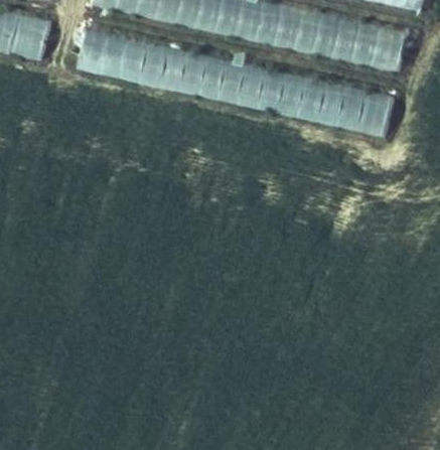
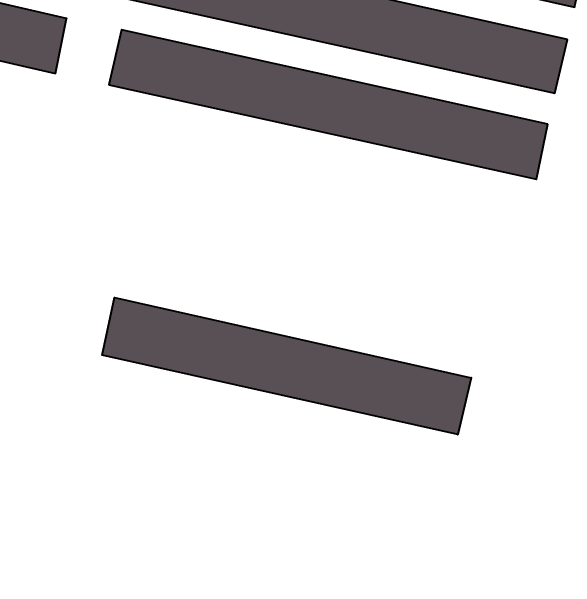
building: none -> [102,298,471,435]

